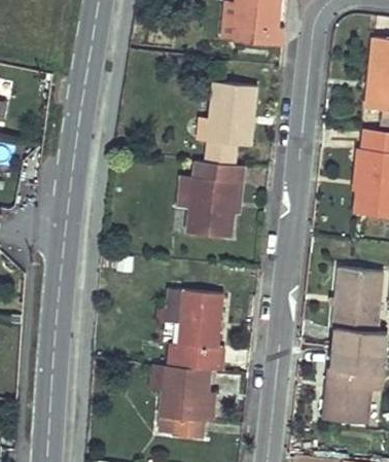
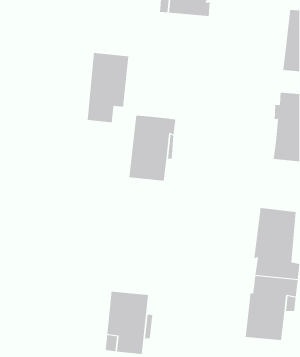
building: [205,82,254,165] -> [87,52,129,123]
building: [165,290,222,371] -> none

